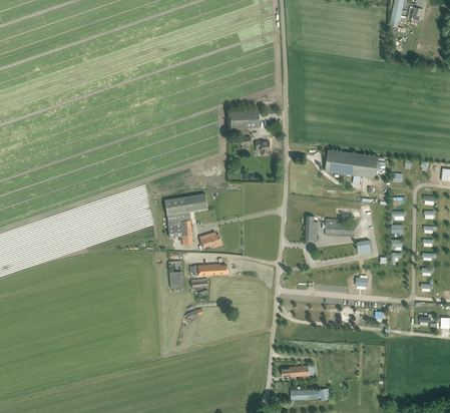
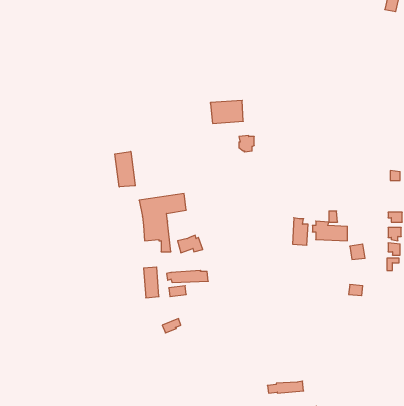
building: [326,149,379,178] -> none
building: none -> [115,151,135,187]

